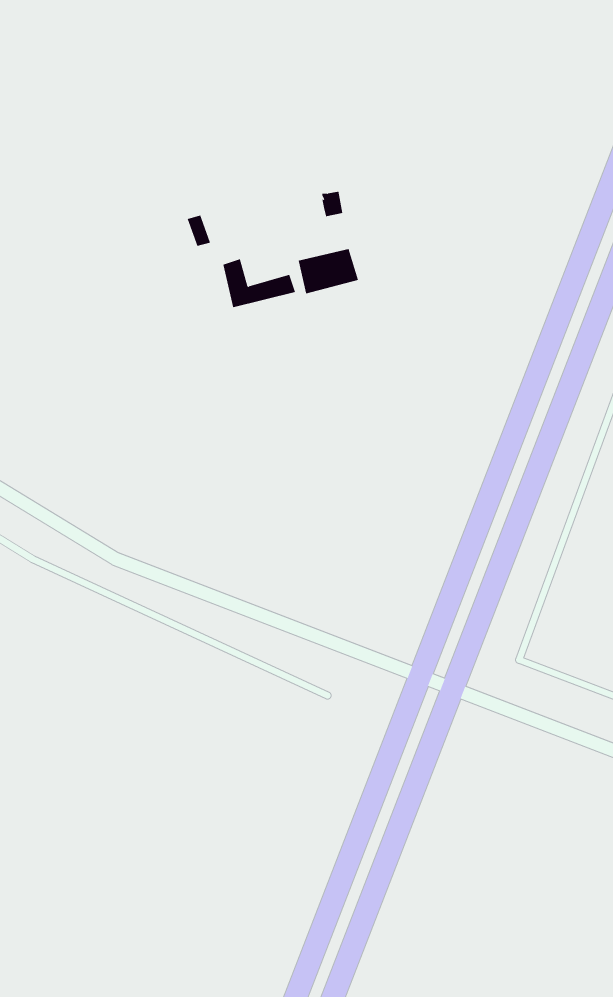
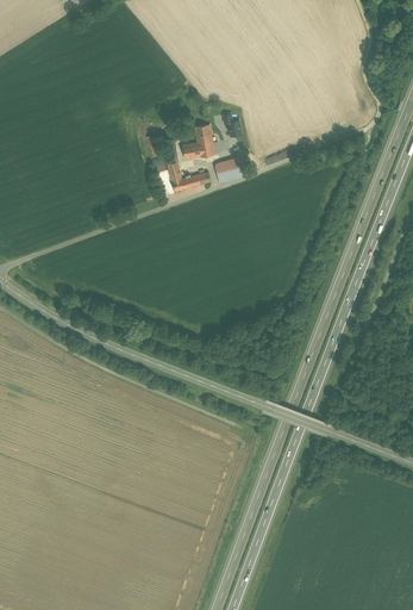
building: none -> [182,124,213,158]

